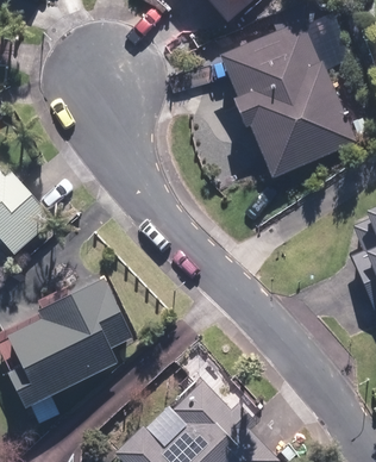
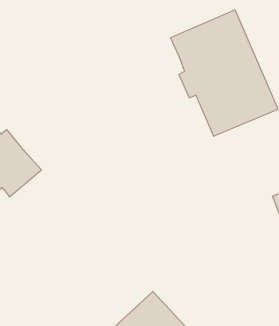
building: [10,276,134,408] -> none

